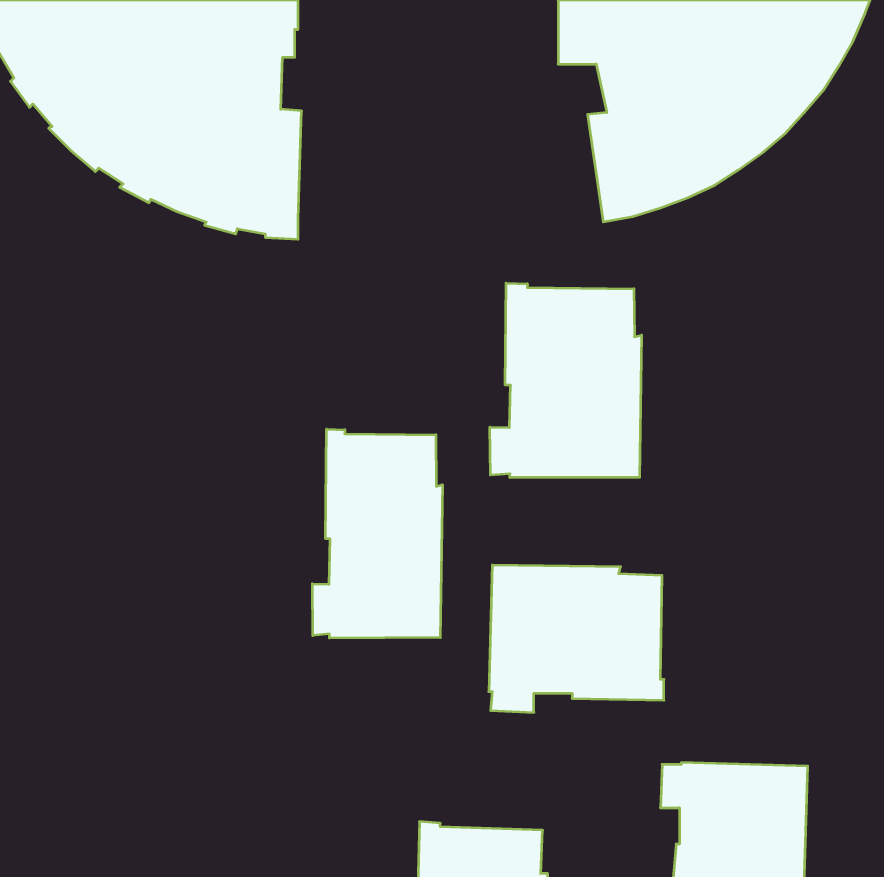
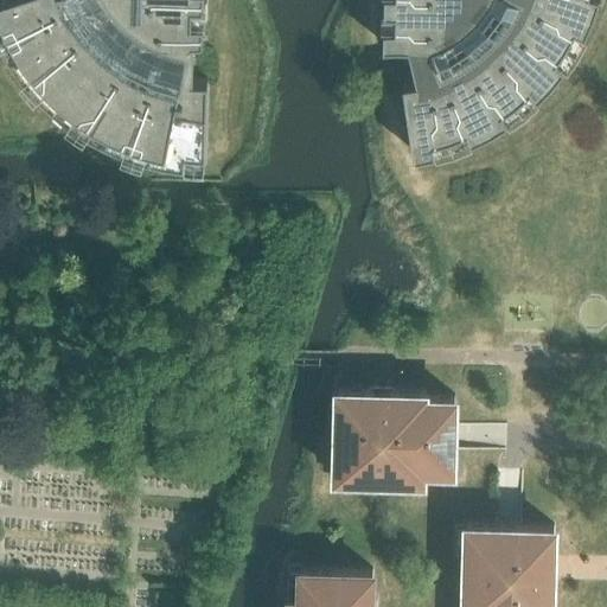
building: [490,283,642,478] -> none
building: [312,429,442,638] -> none

